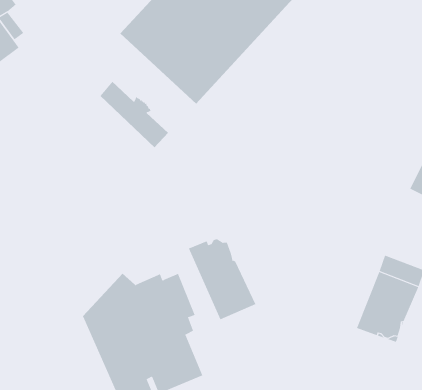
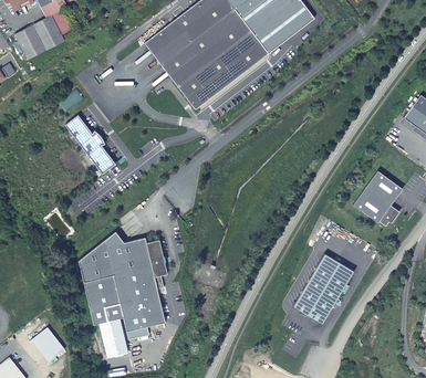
building: [99,81,169,148] -> [65,115,115,174]
building: [188,239,256,320] -> none

